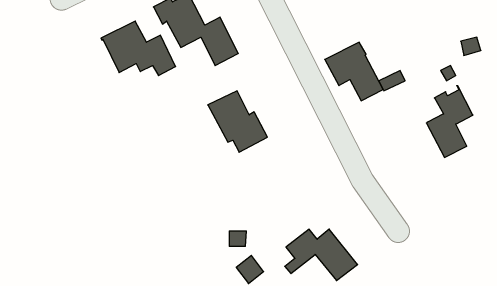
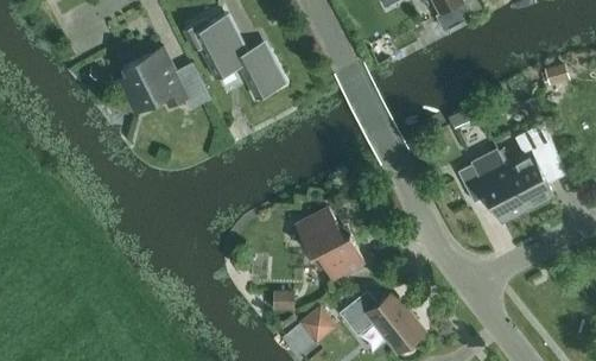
building: [325,42,383,101] -> [458,151,527,220]
building: [208,91,267,152] -> [296,208,366,280]
building: none -> [299,304,336,341]

